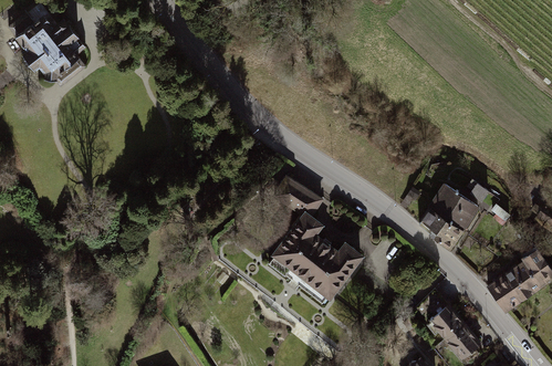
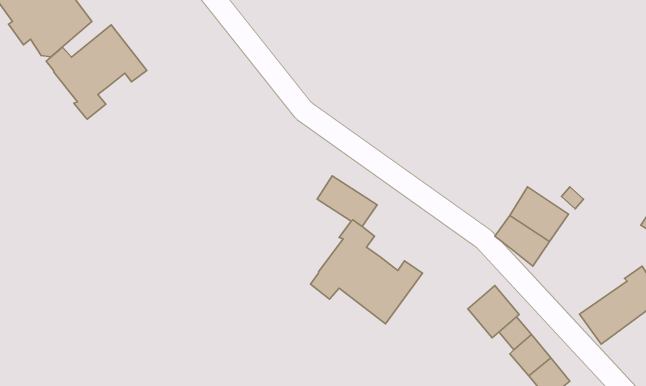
building: none -> [46,25,147,119]
building: none -> [468,286,519,338]

